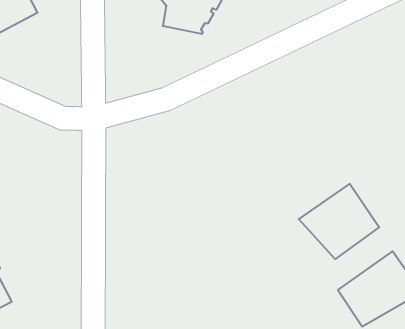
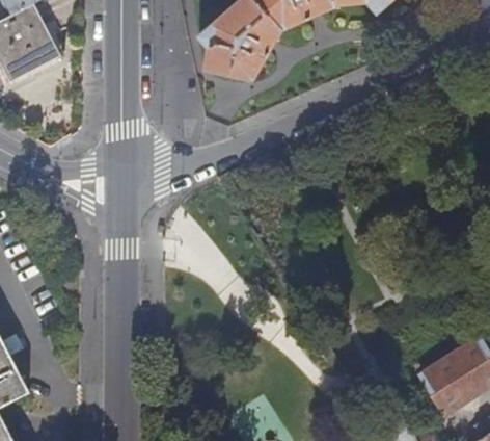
building: [299,184,379,259] -> none

